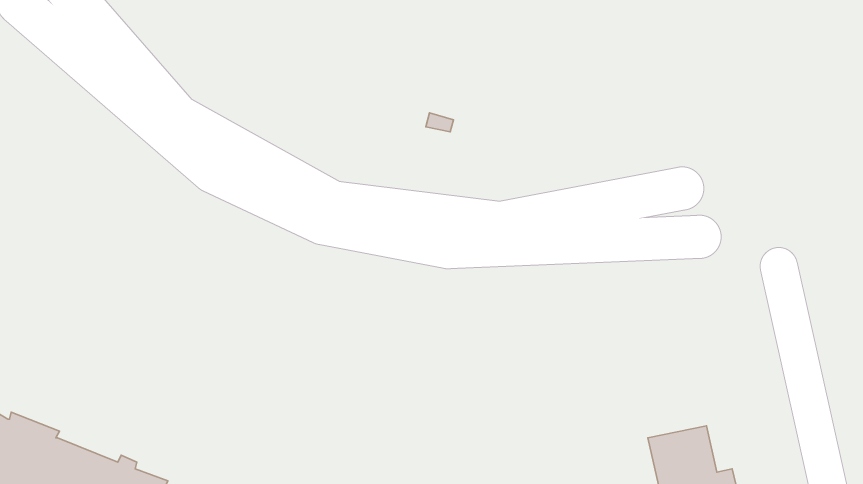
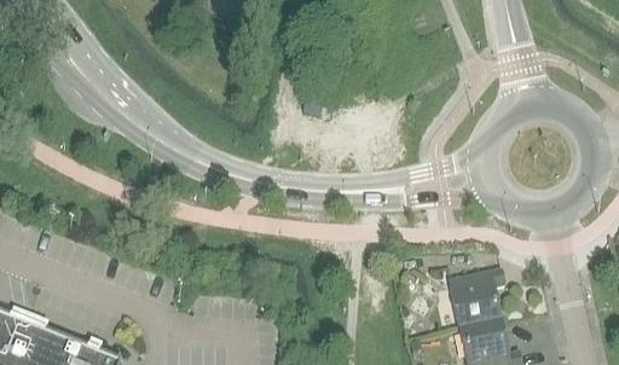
building: none -> [449,267,503,328]

